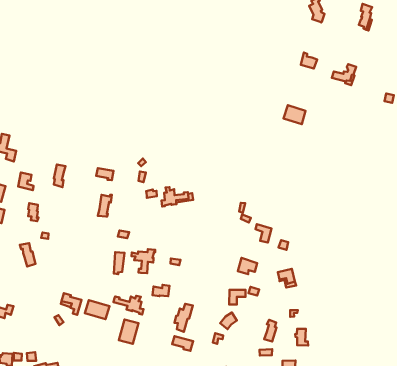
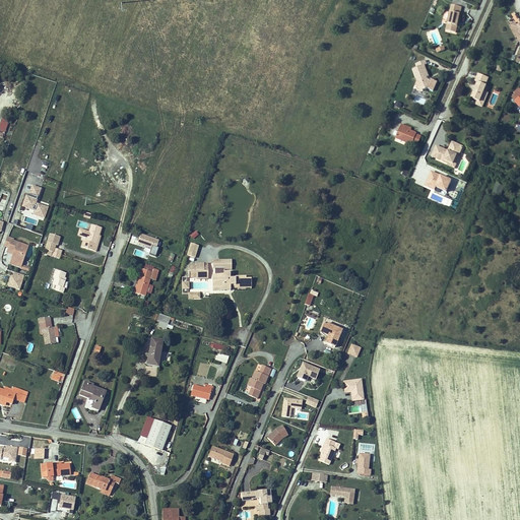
building: [283,105,306,124] -> [424,170,451,194]
building: [131,249,155,273] -> none
building: [113,296,143,314] -> none
building: [85,300,109,319] -> none
building: [174,304,193,332] -> [247,364,271,397]

